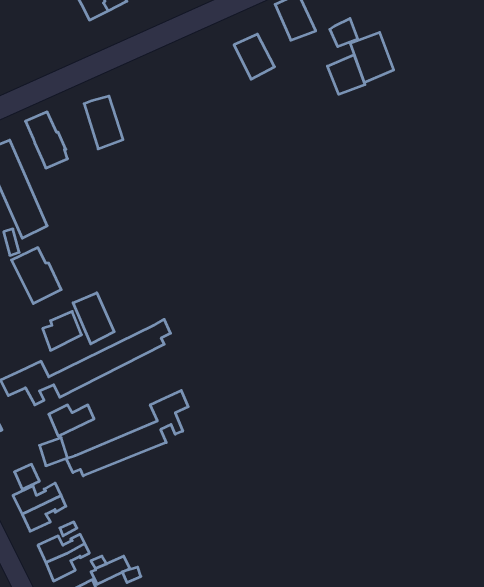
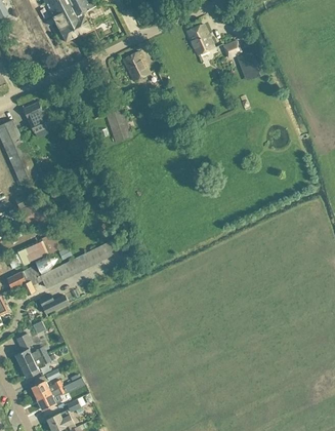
building: [234,34,275,79] -> [122,51,149,81]
building: [327,55,365,94] -> none
building: [84,96,123,149] -> [104,108,130,143]
building: [73,293,114,344] -> none
building: [66,390,188,476] -> none

